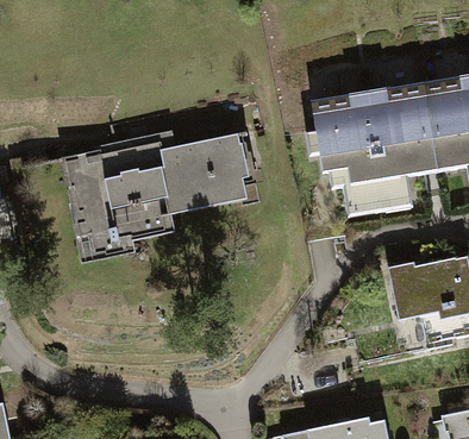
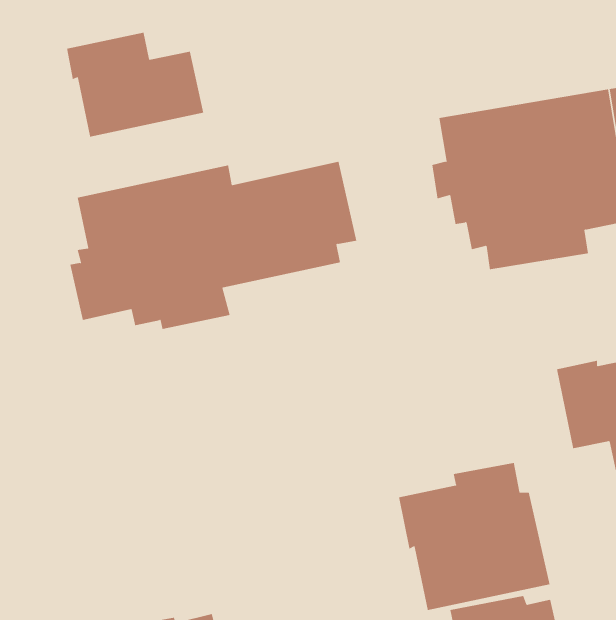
building: none -> [66,32,204,138]
building: none -> [398,462,550,611]

